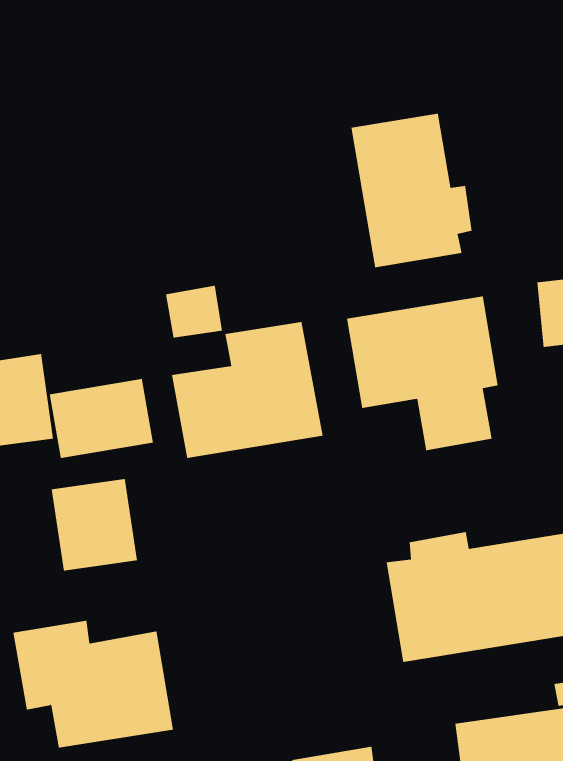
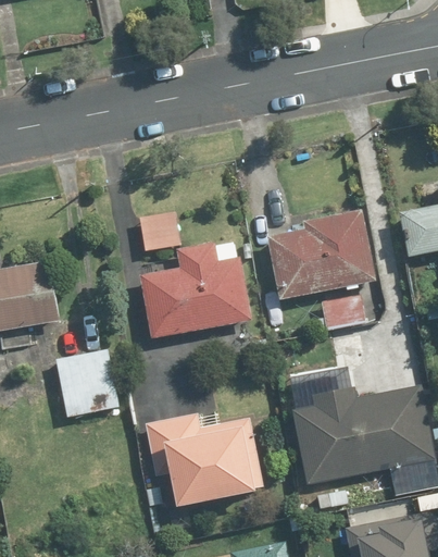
building: [351,113,472,268] -> none
building: [49,378,153,459] -> none
building: [13,620,174,748] -> [145,411,260,503]

